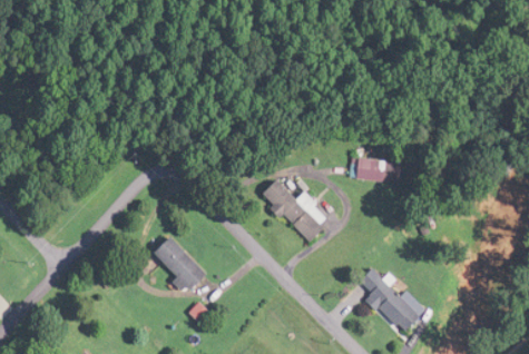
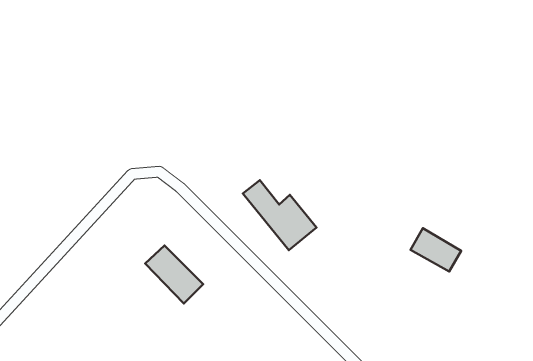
building: [354,158,382,180] -> none
building: [362,284,409,324] -> [411,228,461,271]

